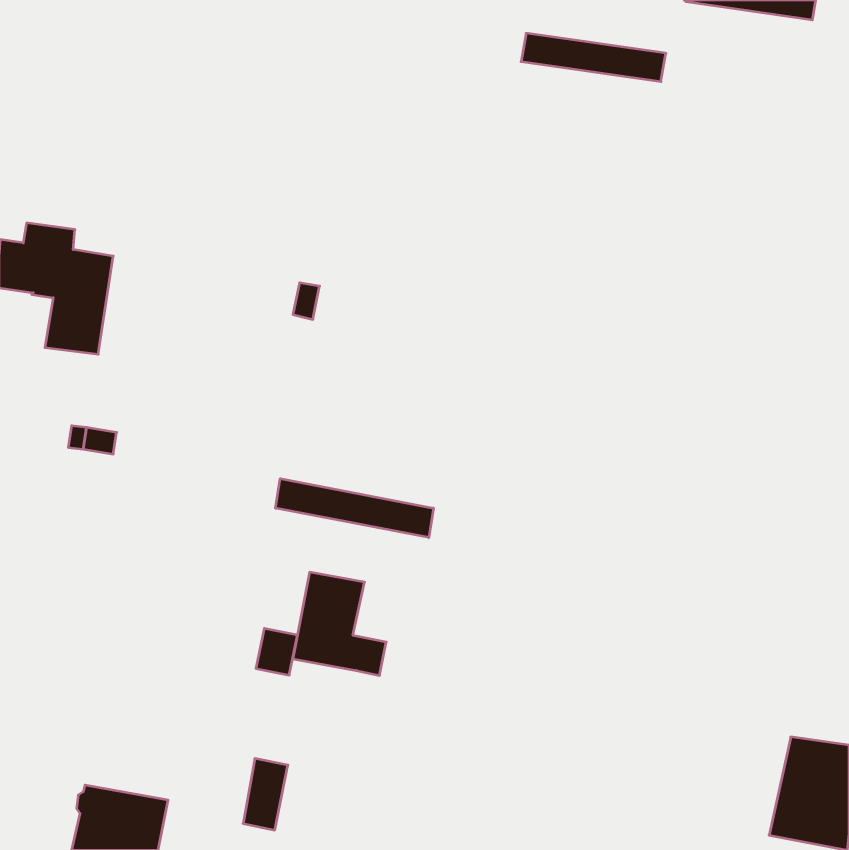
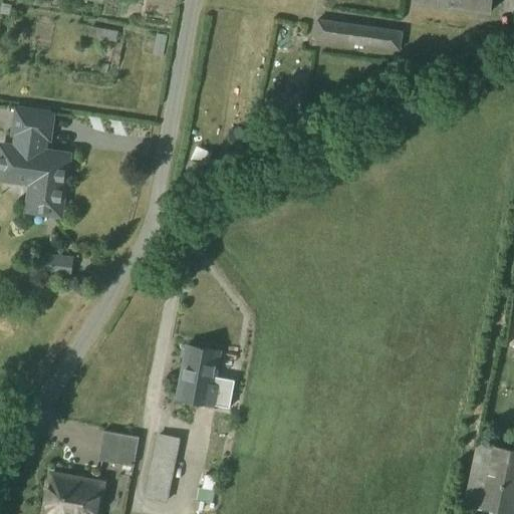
building: none -> [13,105,52,140]
building: [276,479,433,538] -> none
building: [256,628,298,675] -> [154,434,179,462]
building: none -> [97,431,139,466]

